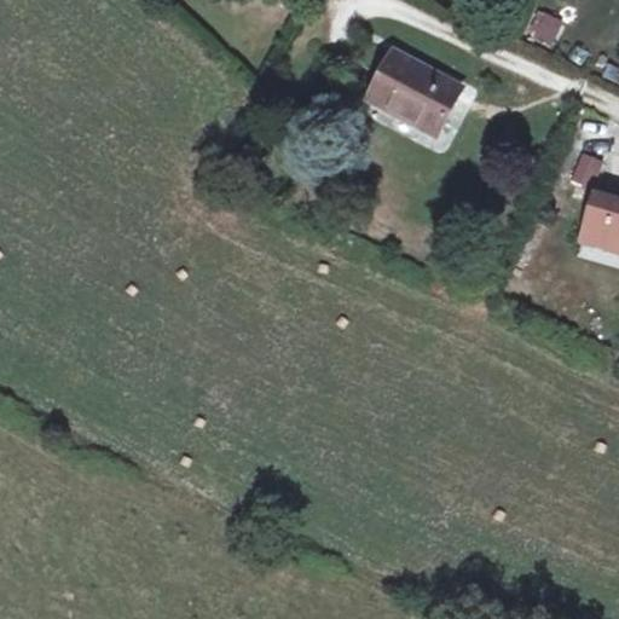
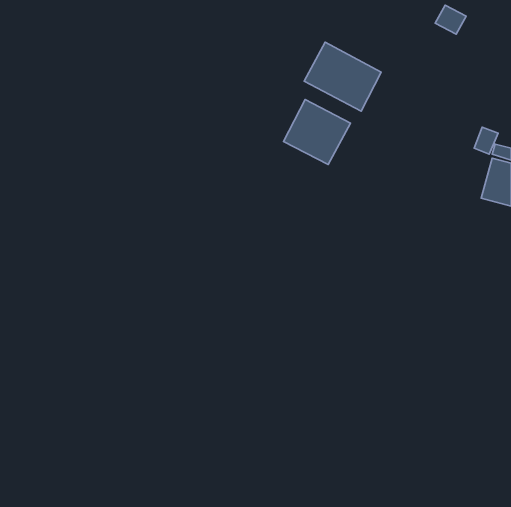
building: none -> [284,100,350,164]

